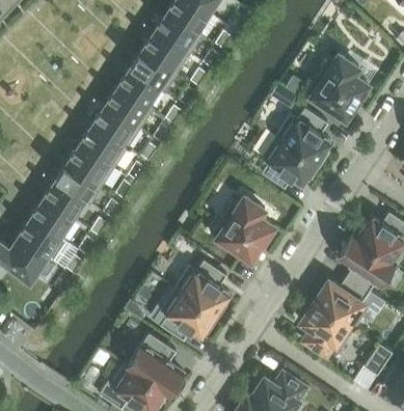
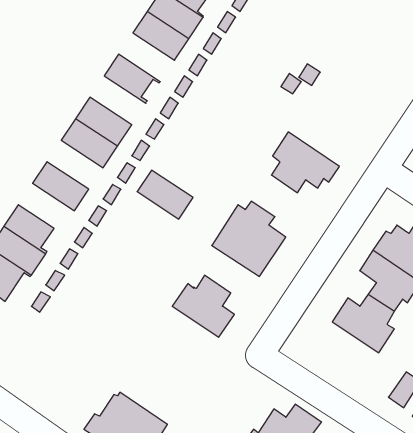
building: [129,51,178,93] -> none
building: [304,56,369,120] -> none
building: [104,88,153,131] -> none
building: [276,110,330,167] -> none
building: [66,144,115,187] -> [137,170,193,219]
building: [42,182,90,221] -> none
building: [154,289,216,341] -> none
building: [300,302,355,358] -> none
building: [130,335,183,391] -> none

